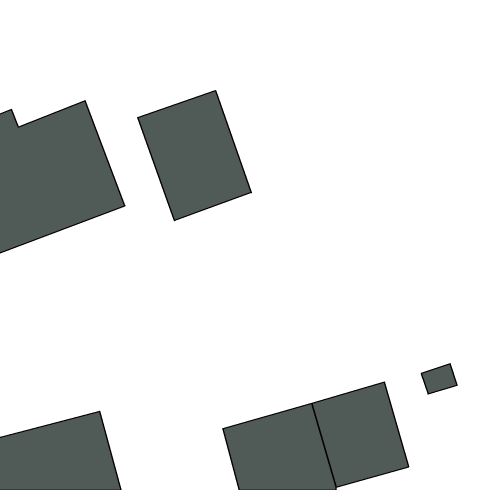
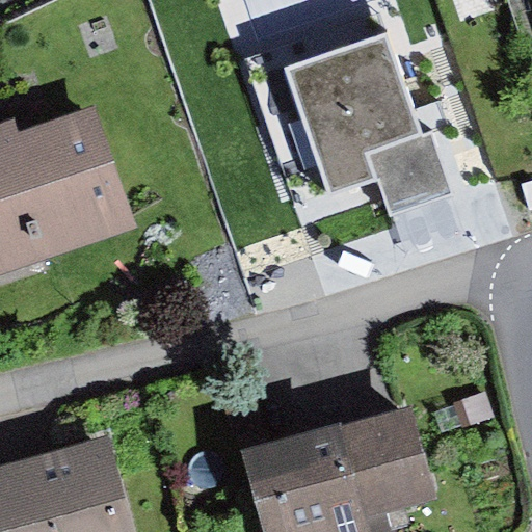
building: none -> [283,36,451,215]
building: [138,91,251,221] -> none

